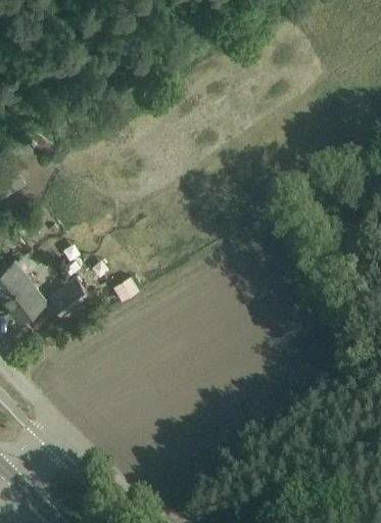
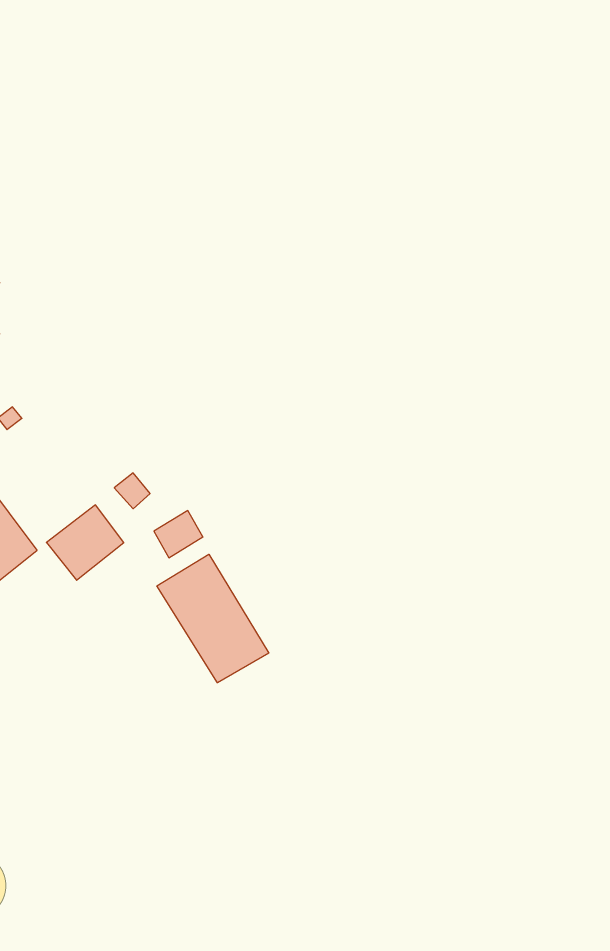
building: none -> [157,554,269,683]

